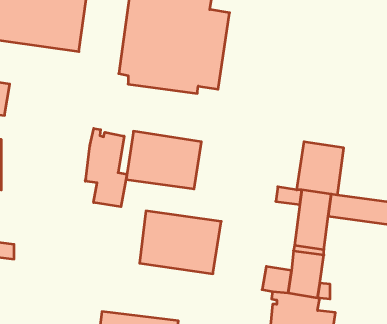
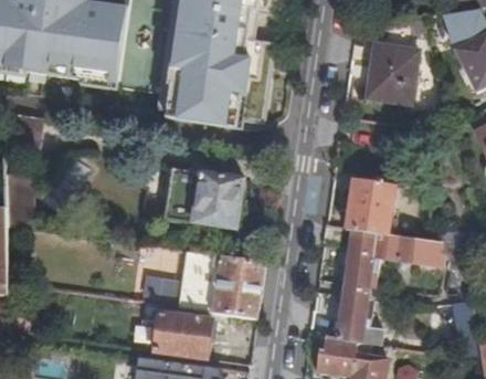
building: none -> [370,42,418,103]
building: [85,128,127,207] -> none
building: none -> [154,310,212,357]

